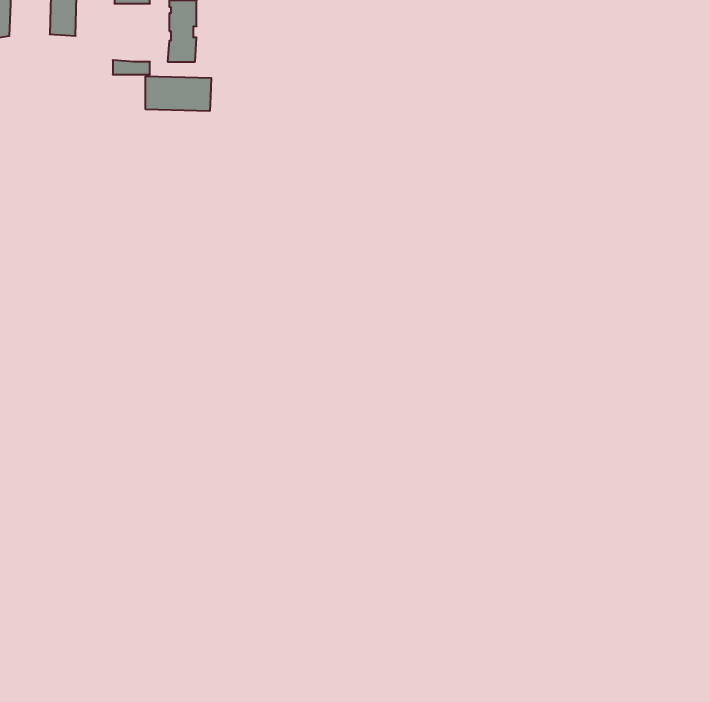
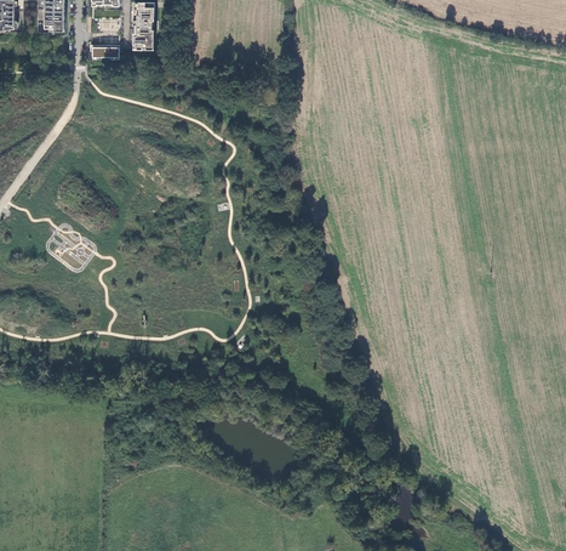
building: [146,76,211,111] -> none

